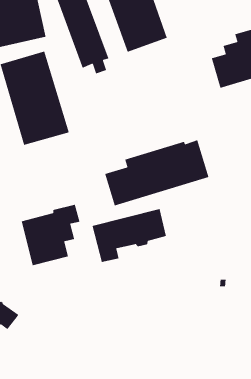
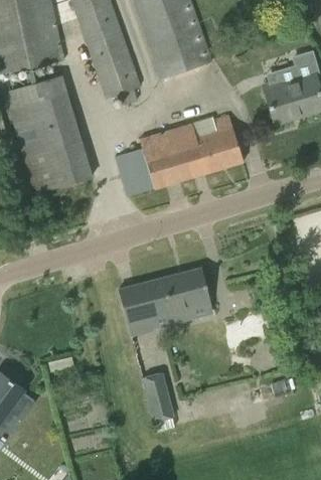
building: [104,139,210,207] -> [116,115,244,196]
building: [21,204,80,266] -> none
building: none -> [143,373,174,424]

